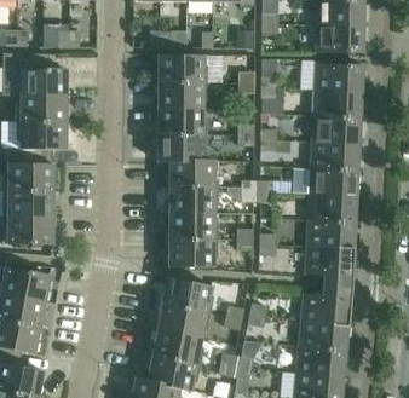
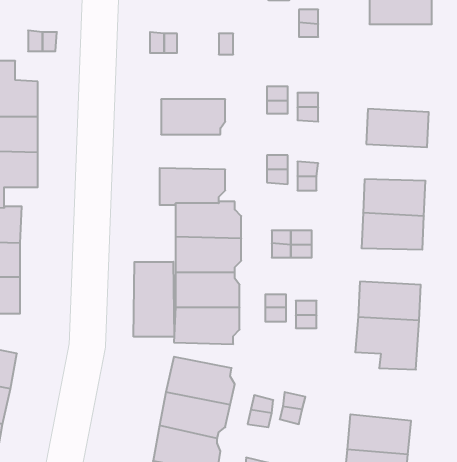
building: [316,25,363,53] -> none
building: [159,54,207,82] -> none
building: [301,62,362,92] -> none
building: [157,109,207,135] -> none
building: [312,116,359,144] -> none
building: [309,195,356,223] -> none
building: none -> [134,262,174,337]
building: [301,285,351,325] -> none

